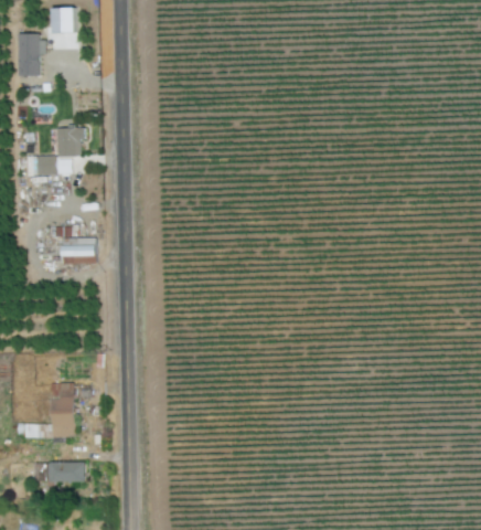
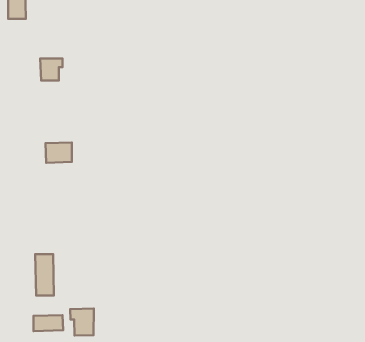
building: [26,156,70,176] -> none
building: none -> [70,309,94,336]

